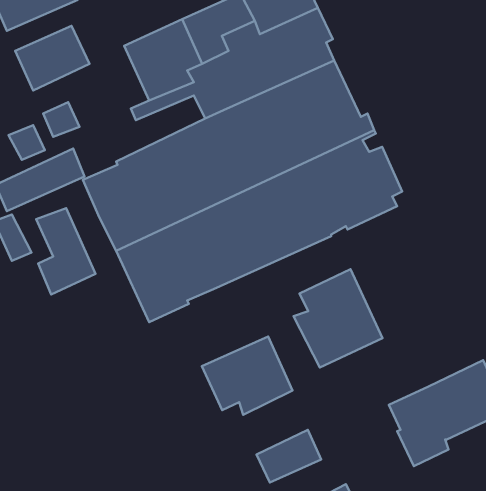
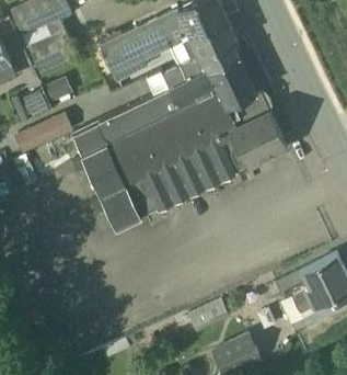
building: [36,208,96,294] -> none
building: [294,269,383,367] -> none
building: [202,337,292,415] -> none

